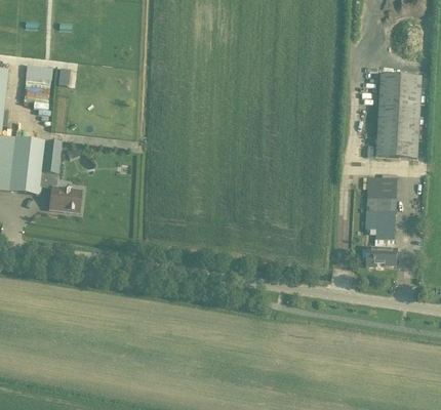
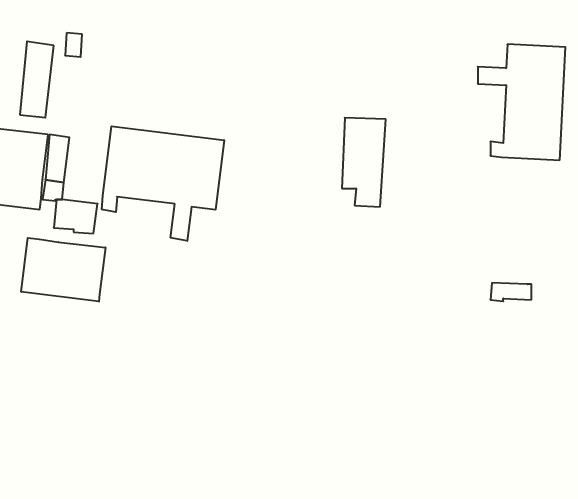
building: none -> [102,126,224,241]
building: [365,176,397,241] -> [342,118,386,207]
building: none -> [21,238,105,302]

